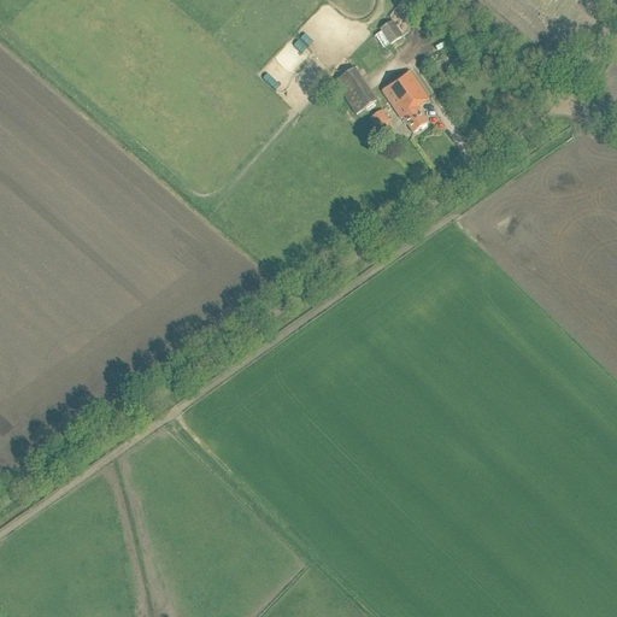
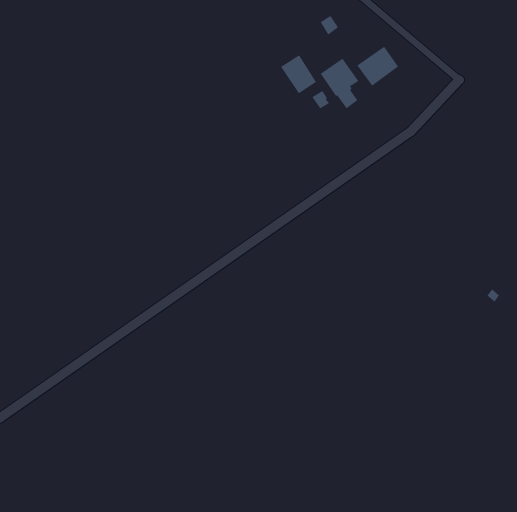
building: none -> [357,46,399,87]

